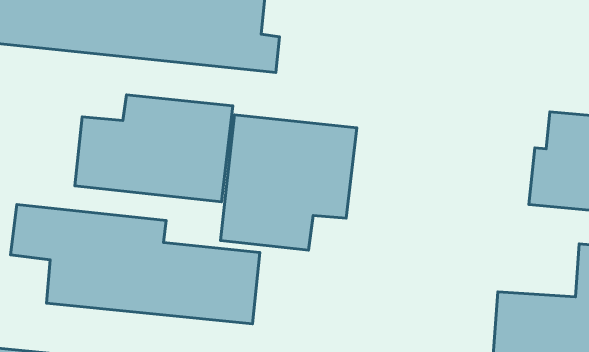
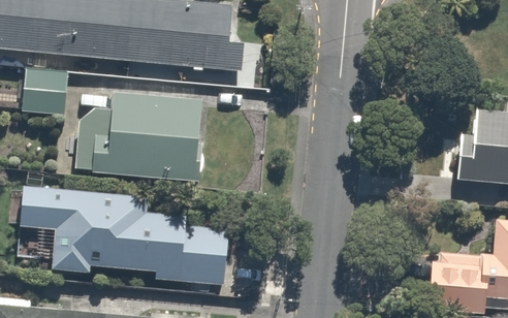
building: none -> [22,67,70,120]
building: [221,115,357,250] -> none

